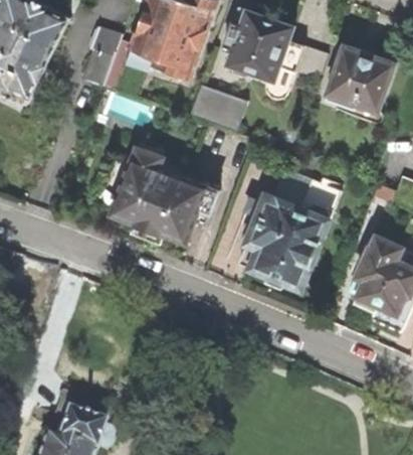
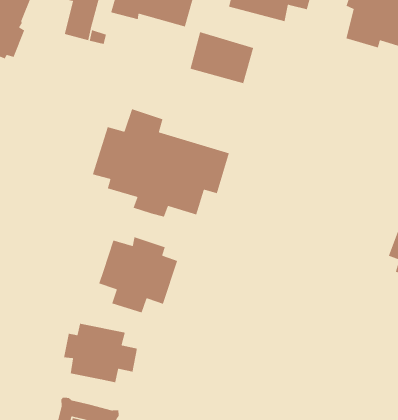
building: [239,179,340,289] -> none
building: none -> [98,236,178,314]
building: none -> [63,323,138,383]

